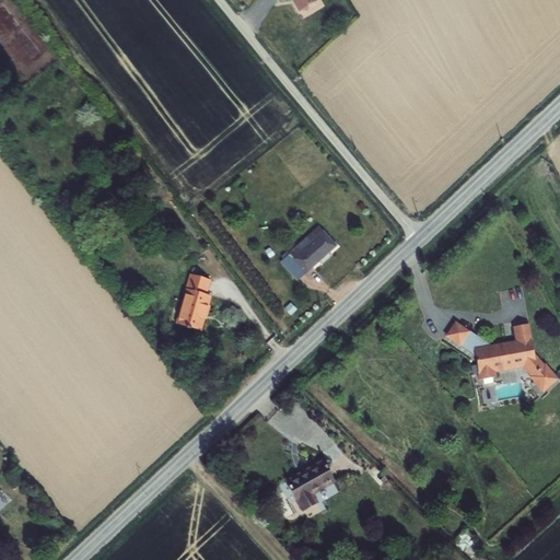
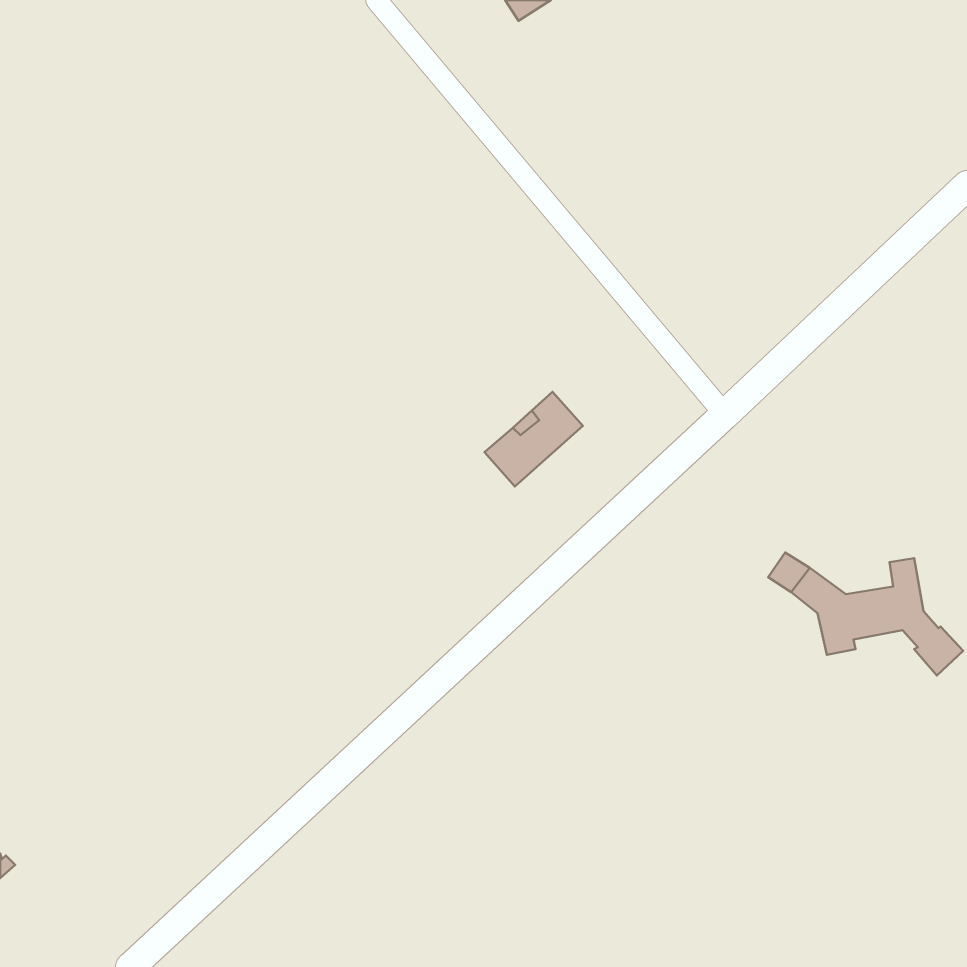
building: [176,275,210,331] -> none
building: [287,463,332,510] -> none

